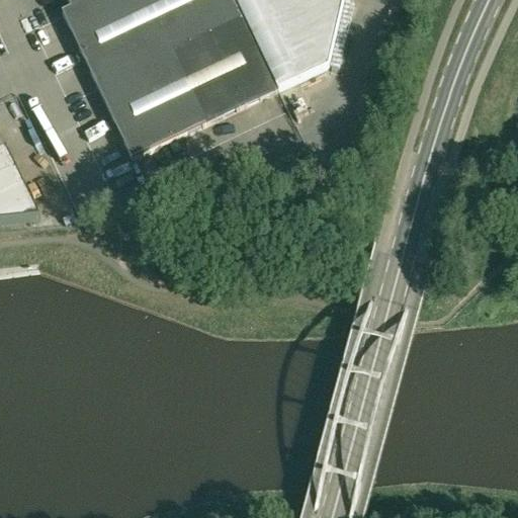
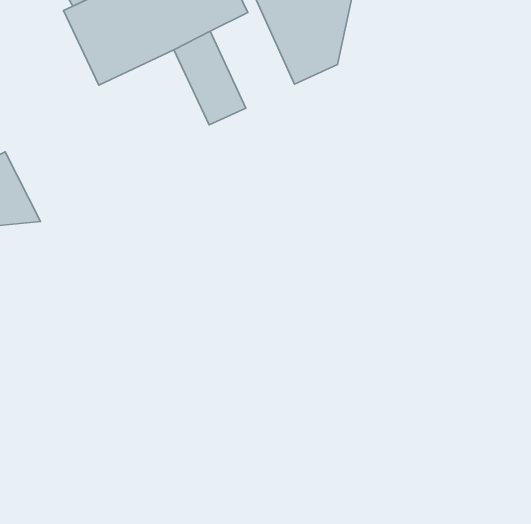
building: [204,12,277,105] -> none
building: [96,49,203,156] -> none

